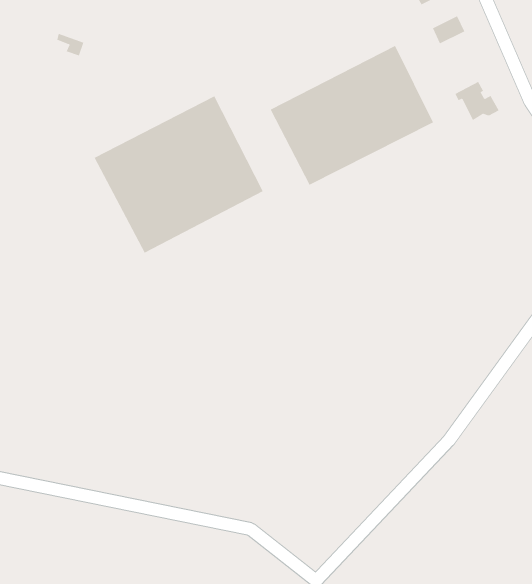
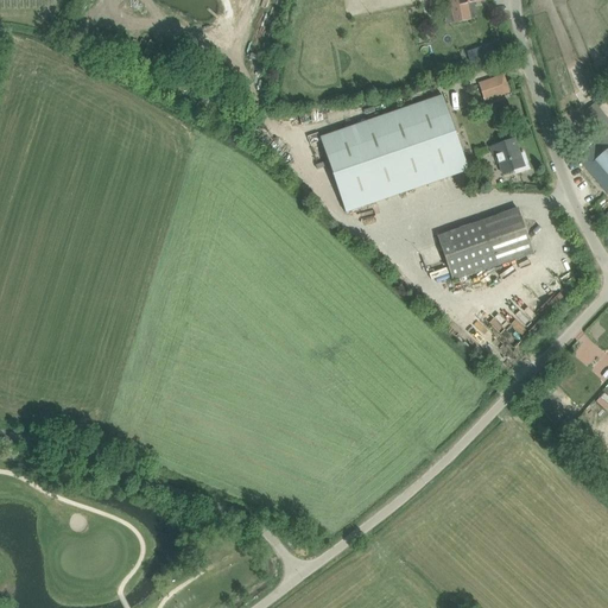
building: [94,96,263,254] -> none
building: none -> [439,208,533,279]

